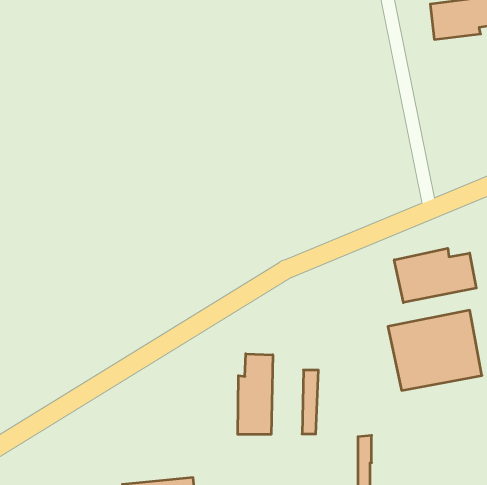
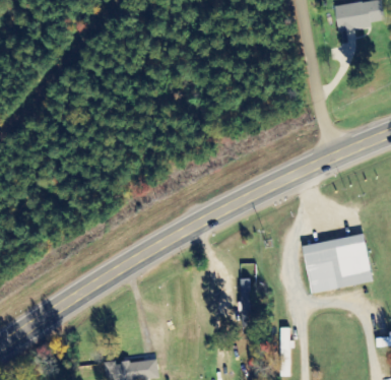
building: [394,248,476,303] -> none
building: [238,354,273,434] -> none

